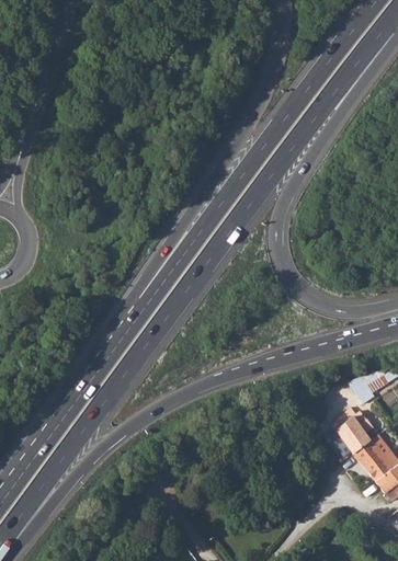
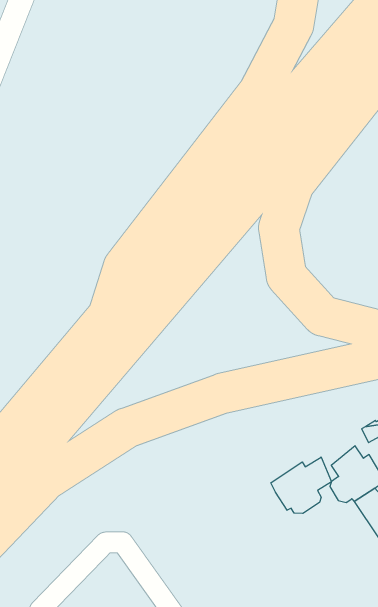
building: none -> [271,457,331,513]

